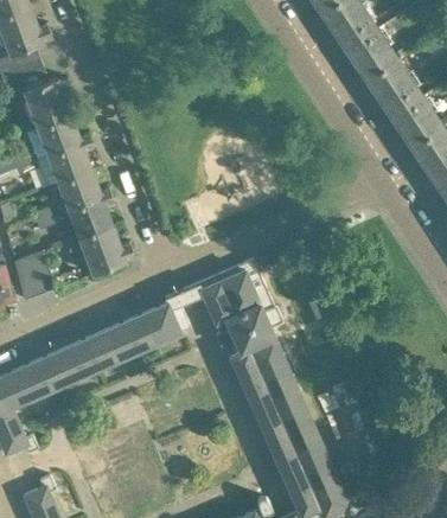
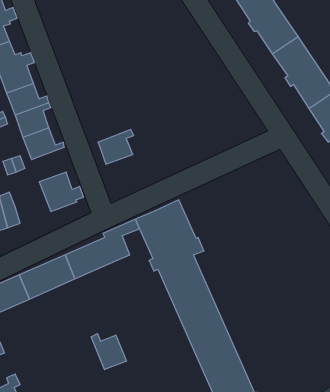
building: [69,196,113,238] -> [98,130,134,164]
building: none -> [91,334,127,370]

